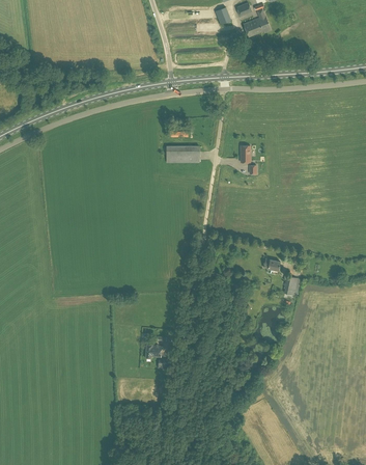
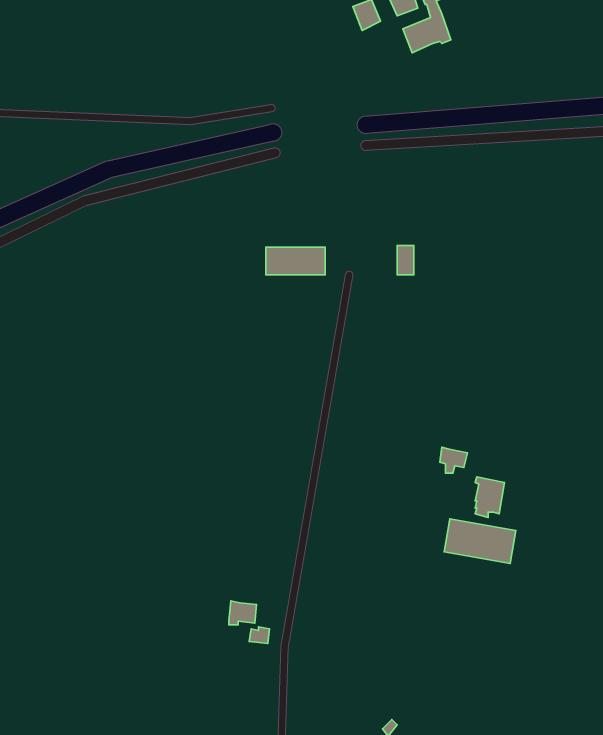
building: none -> [444,519,516,564]

